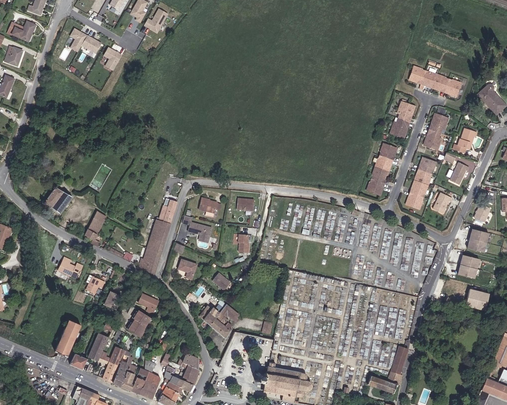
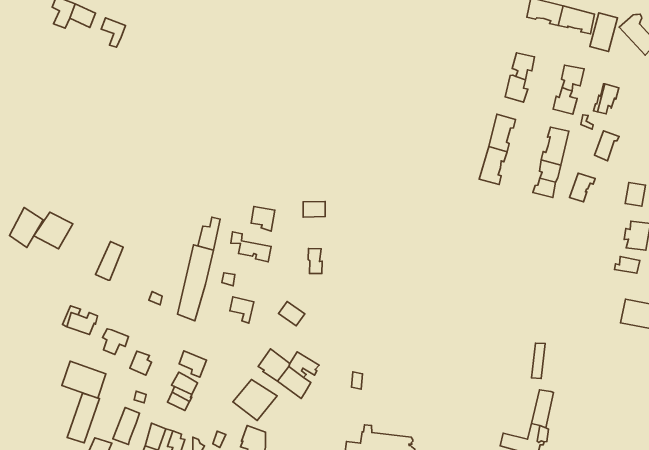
building: none -> [590,13,618,51]
building: none -> [10,208,43,248]
building: none -> [62,361,106,398]
building: none -> [233,379,277,420]

